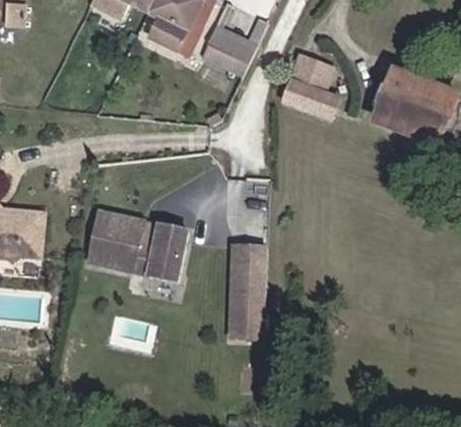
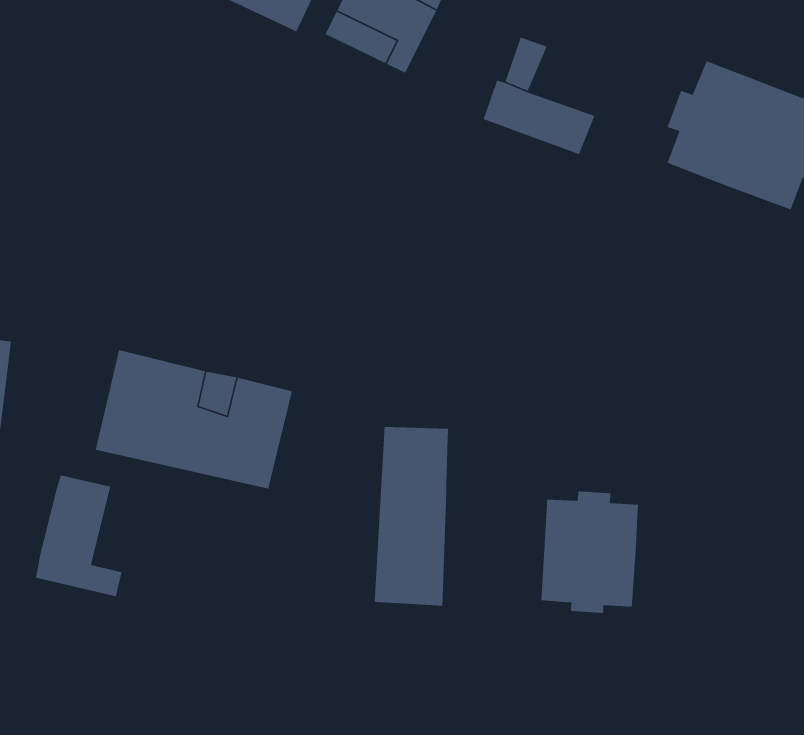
building: none -> [35,474,123,597]
building: none -> [541,490,639,614]

